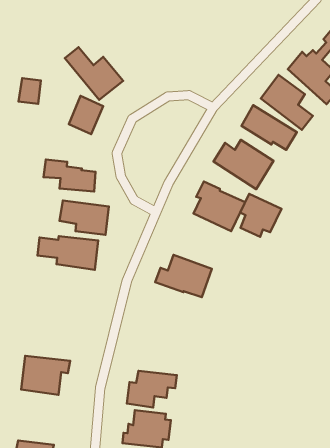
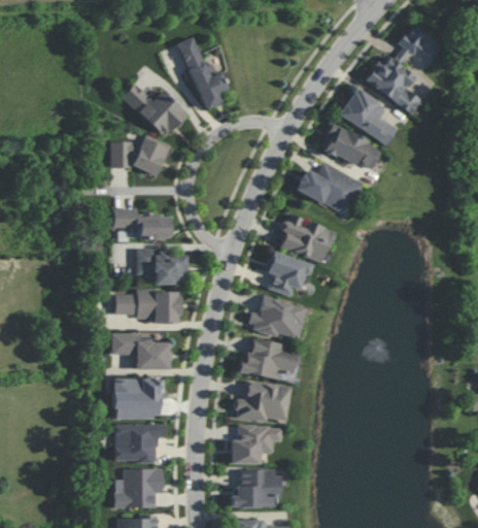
building: none -> [178,36,230,109]
building: [18,78,41,104] -> [111,141,133,167]
building: [240,194,282,237] -> [267,251,311,296]
building: none -> [112,334,170,369]
building: none -> [240,338,300,378]
building: none -> [114,378,166,418]
building: none -> [236,381,292,423]
building: none -> [115,467,163,508]

